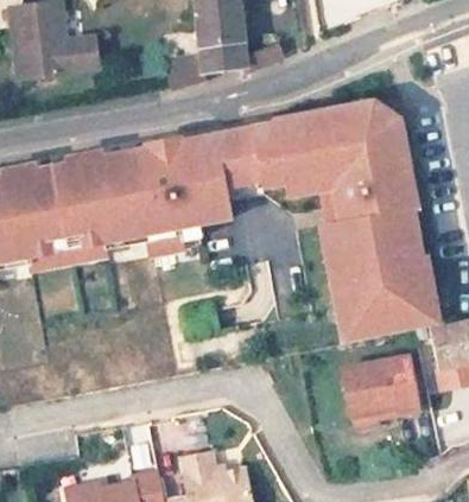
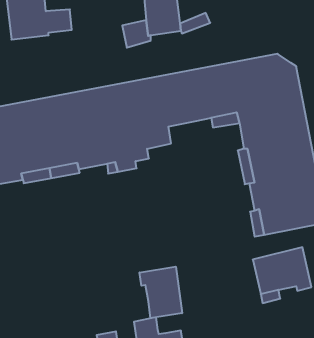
building: none -> [140,267,182,318]

